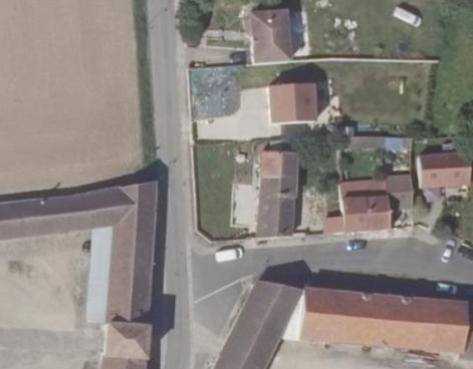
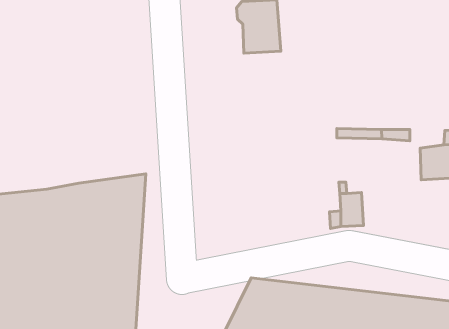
building: [263,83,315,124] -> none
building: [262,151,298,238] -> none
building: [368,176,418,230] -> none

